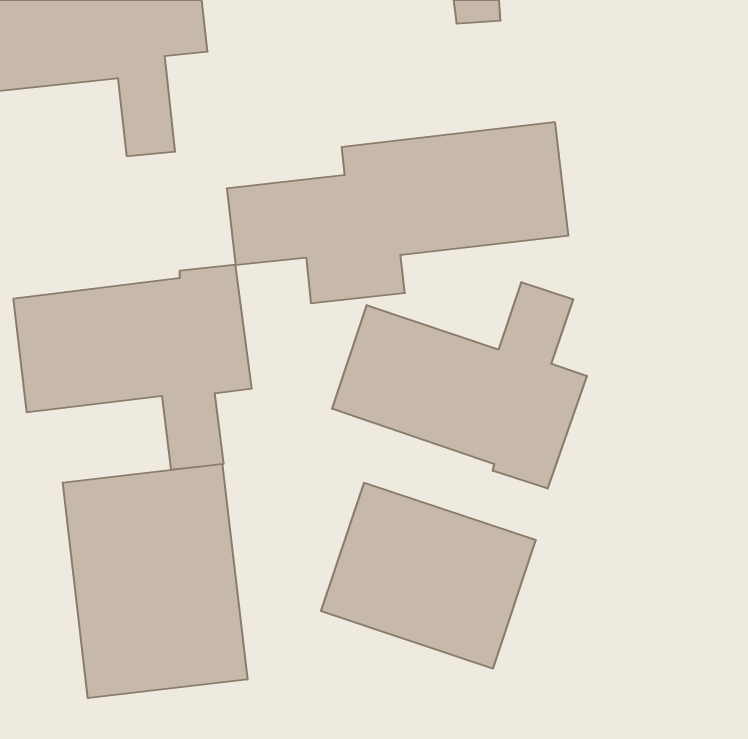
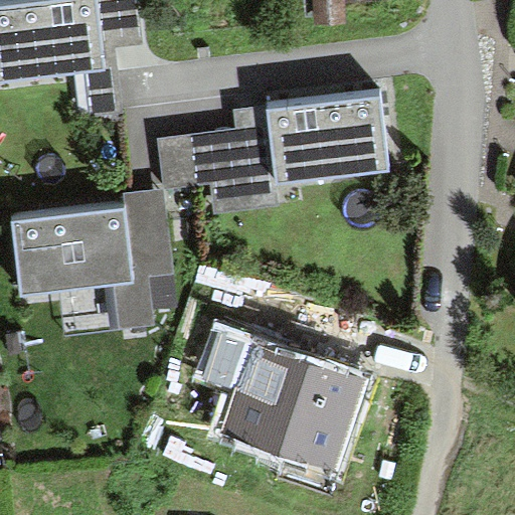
building: [332,282,587,489] -> none
building: [63,464,247,698] -> none

